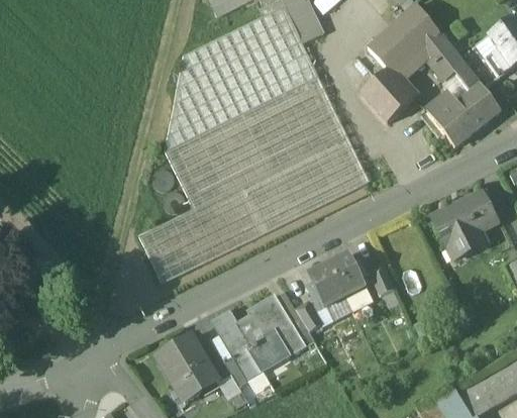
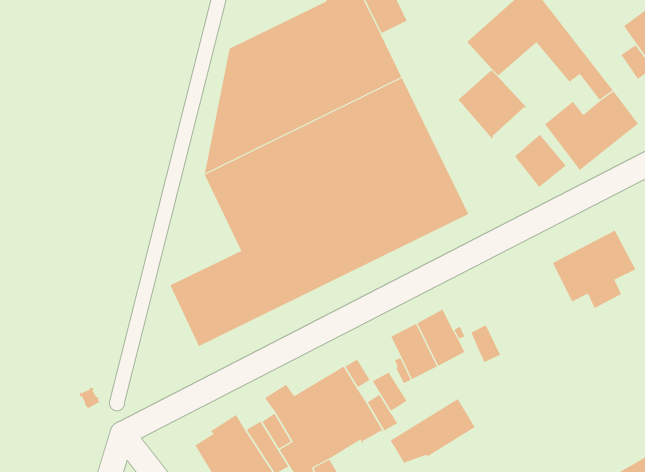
building: [403,64,443,105] -> [514,134,567,188]
building: none -> [390,398,475,463]

